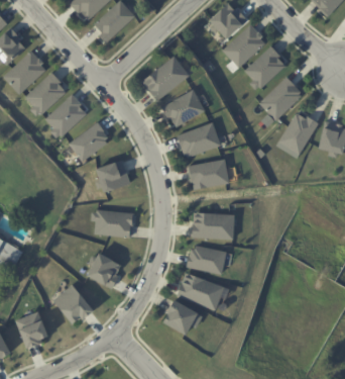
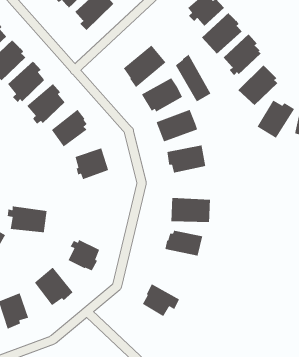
building: none -> [175,53,212,103]
building: [93,209,134,238] -> [7,206,47,233]
building: [176,272,222,309] -> none

